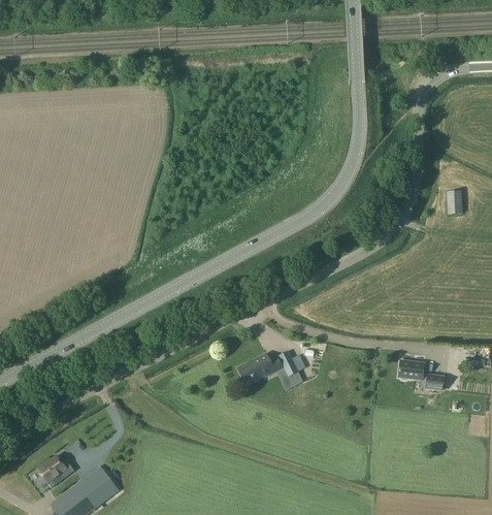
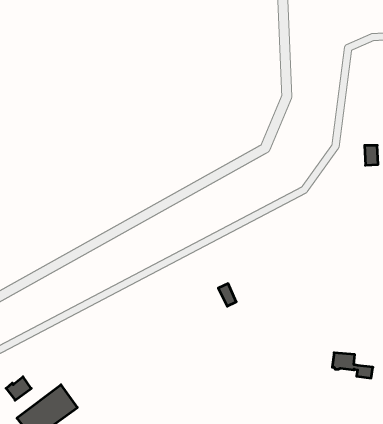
building: [238,354,283,384] -> none
building: [398,361,445,390] -> [332,353,373,378]

